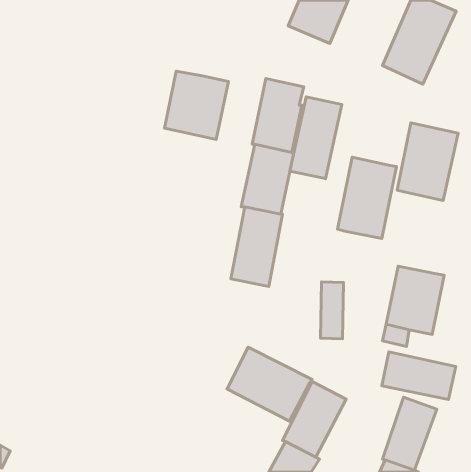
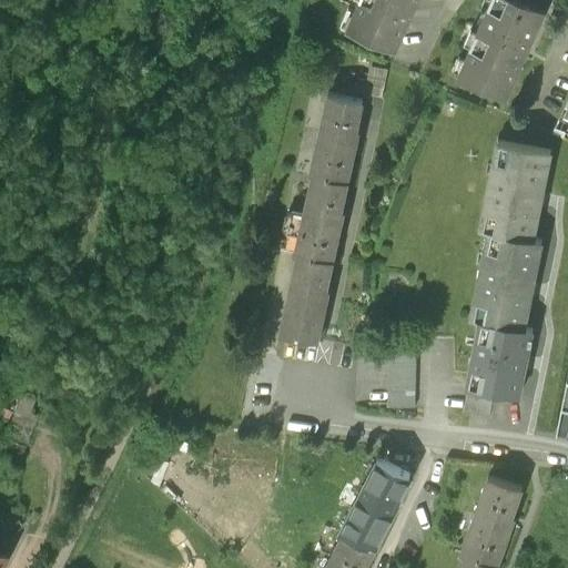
building: [164,71,229,139] -> none
building: [290,97,342,179] -> none
building: [338,157,397,238] -> [470,231,541,328]
building: [227,347,312,421] -> none
building: [382,352,456,399] -> none

